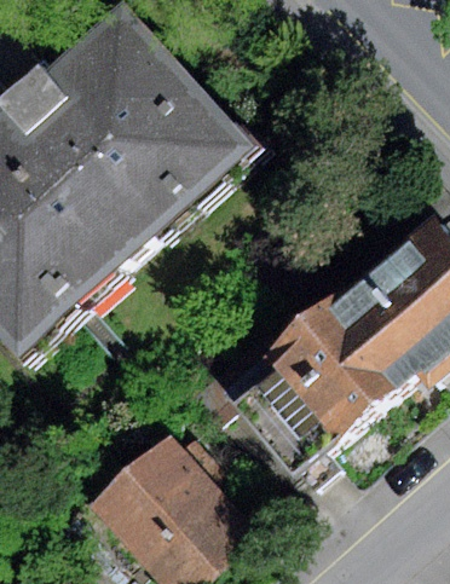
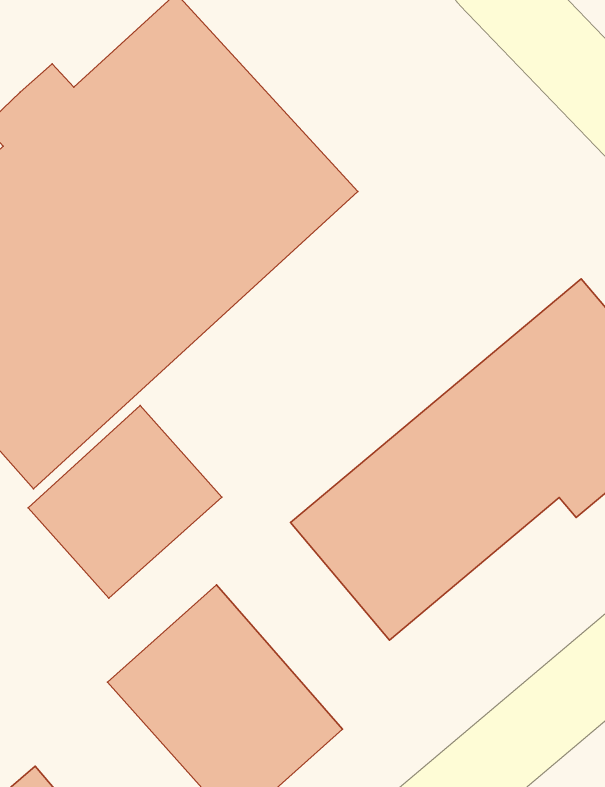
building: none -> [28,405,222,598]

